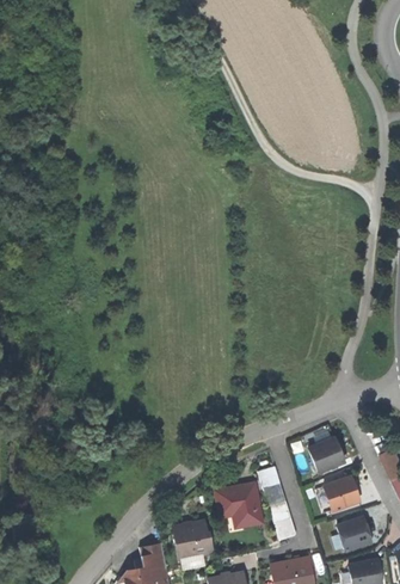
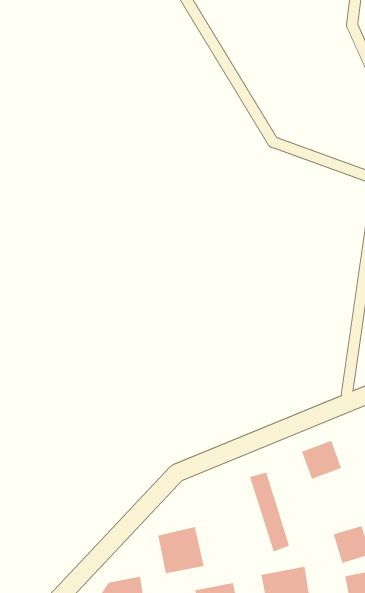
building: [322,474,361,514] -> none
building: [213,481,265,529] -> none
building: [140,543,167,572] -> none

